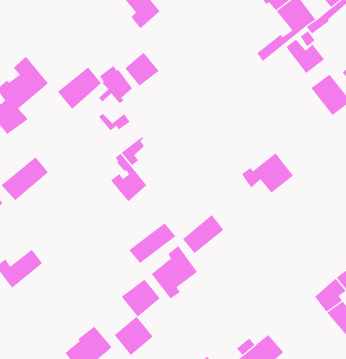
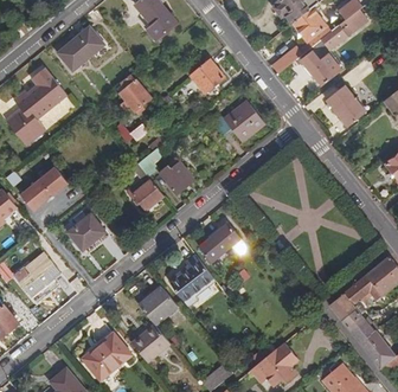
building: [125,52,159,86] -> [191,58,225,92]
building: [57,66,102,110] -> [58,27,102,70]
building: none -> [160,161,194,194]
building: [241,153,294,193] -> [212,101,264,141]
building: none -> [68,211,105,248]
building: [129,222,176,264] -> none

